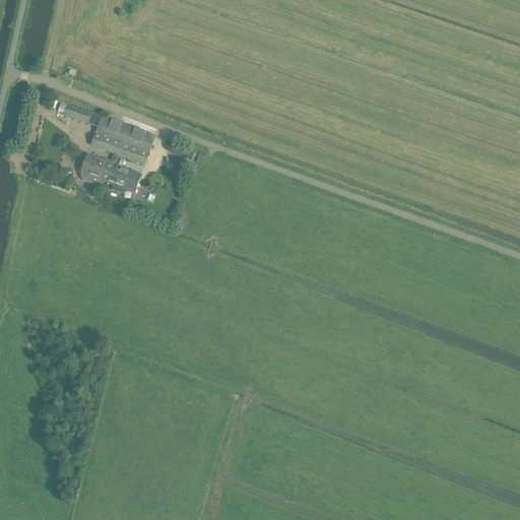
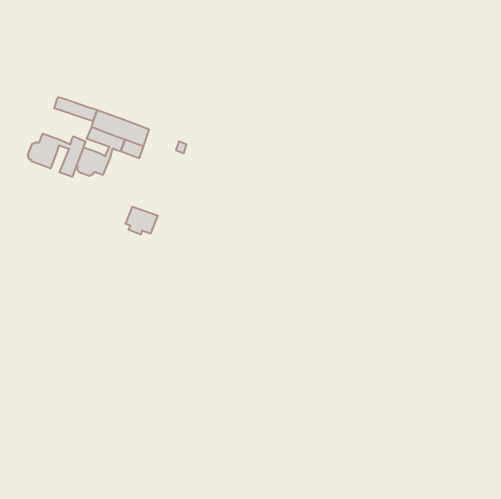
building: none -> [28,134,86,177]
building: [107,164,140,192] -> [125,207,158,234]

